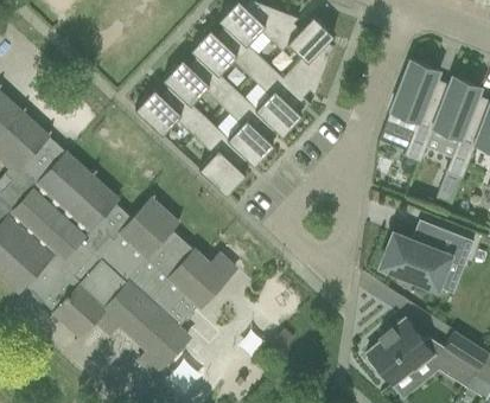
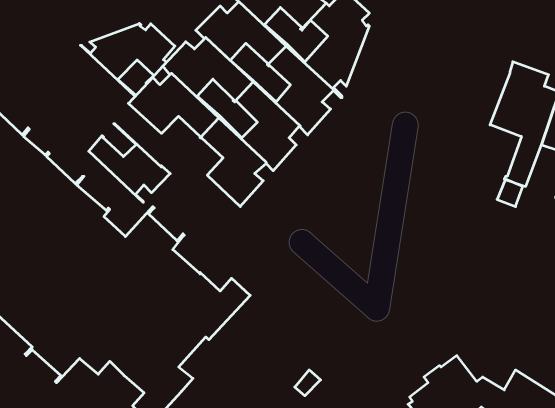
building: none -> [80,23,175,96]
building: [386,60,450,164] -> none
building: none -> [89,124,170,202]
building: [380,220,473,290] -> none

